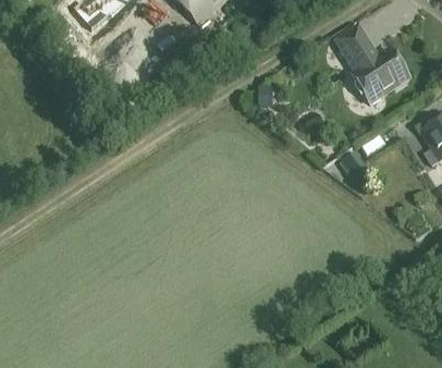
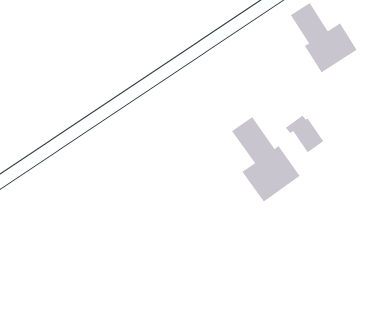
building: none -> [231,116,301,202]

